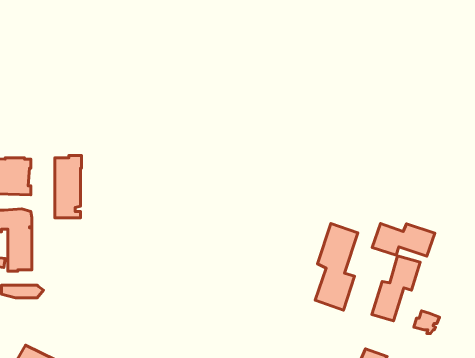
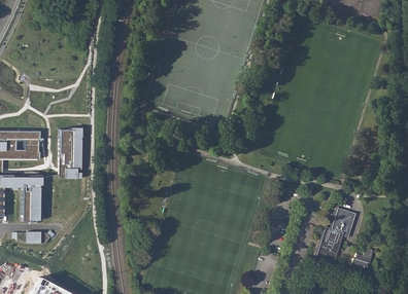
building: [372,223,435,256] -> none
building: [315,224,358,310] -> none

